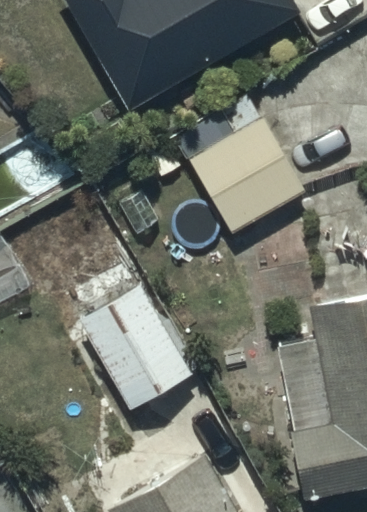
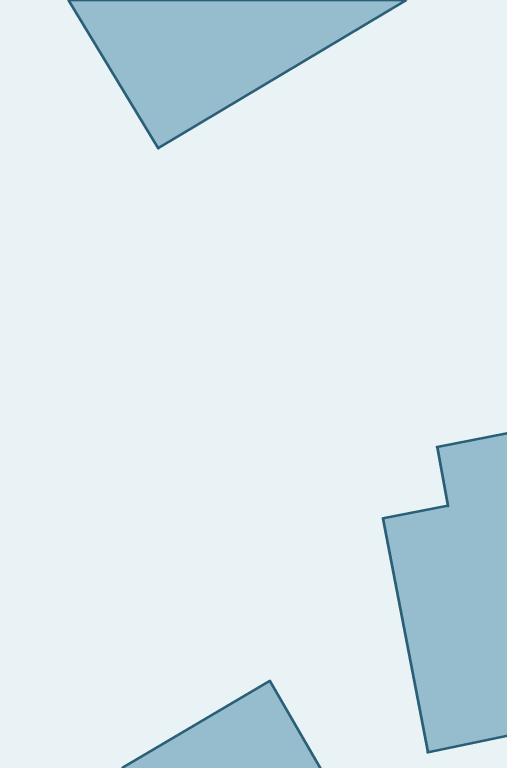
building: [187,94,305,233] -> none
building: [81,297,194,420] -> none

